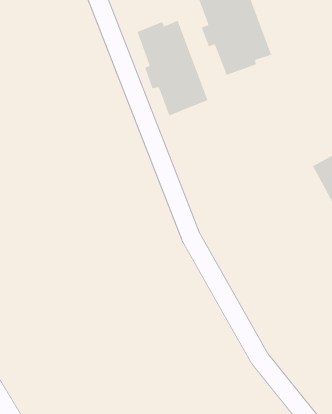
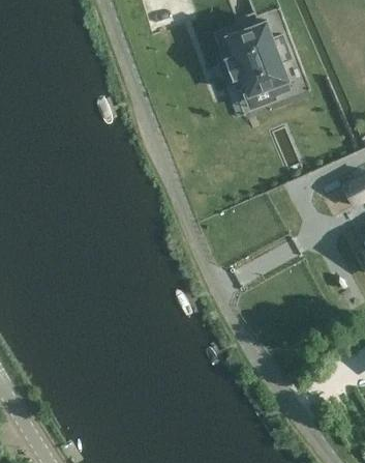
building: [137,20,208,117] -> none

